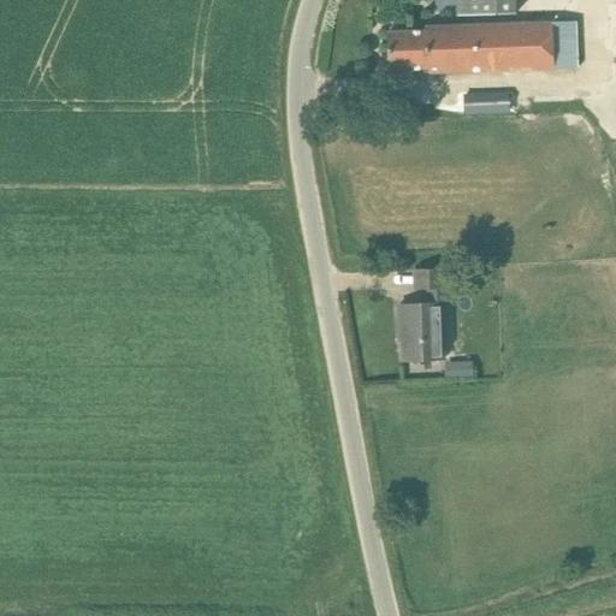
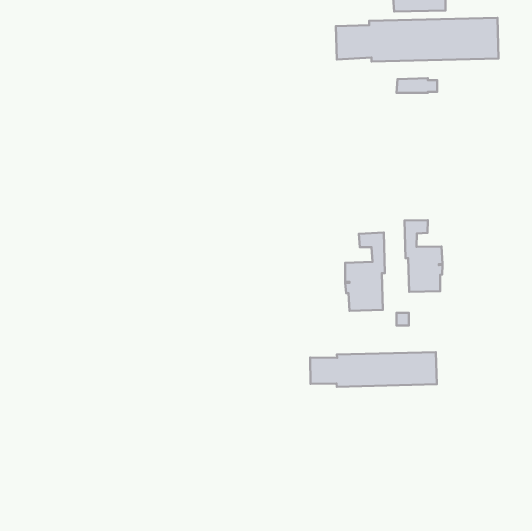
building: none -> [404,220,443,292]
building: none -> [310,352,437,387]

